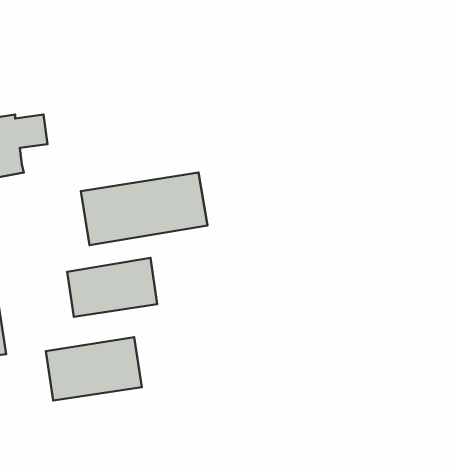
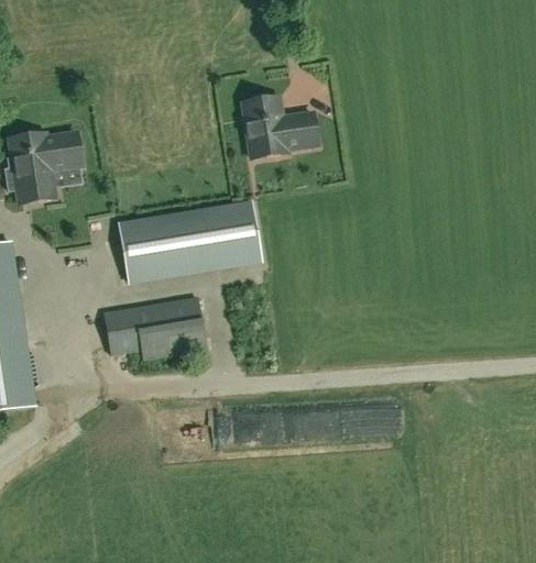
building: none -> [241,93,317,157]
building: [46,337,142,400] -> none

